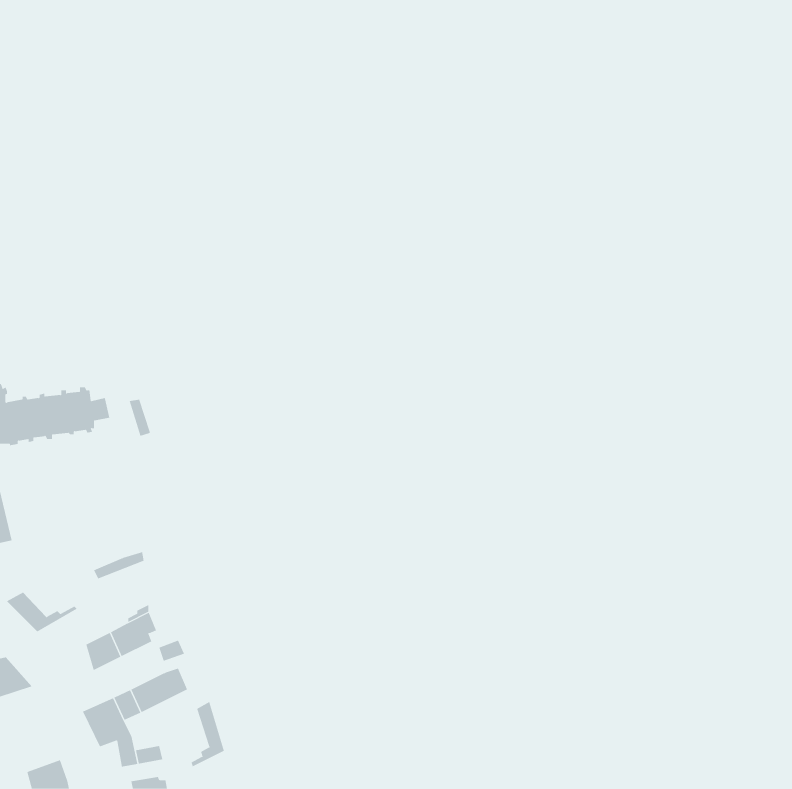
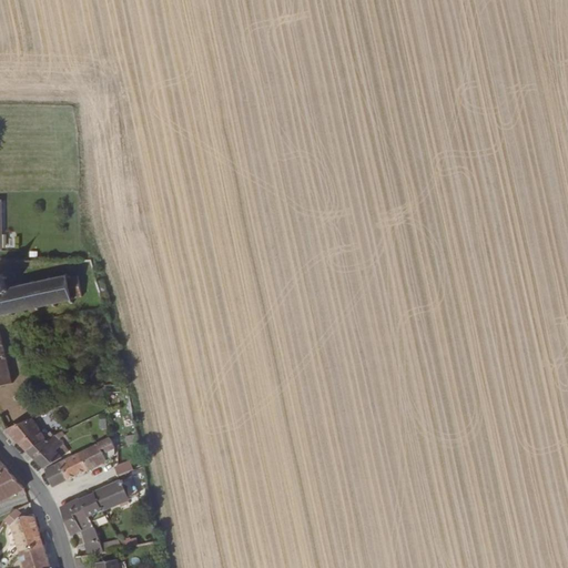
building: none -> [27,435,67,488]
building: [191,701,225,767] -> none
building: none -> [7,507,43,551]

